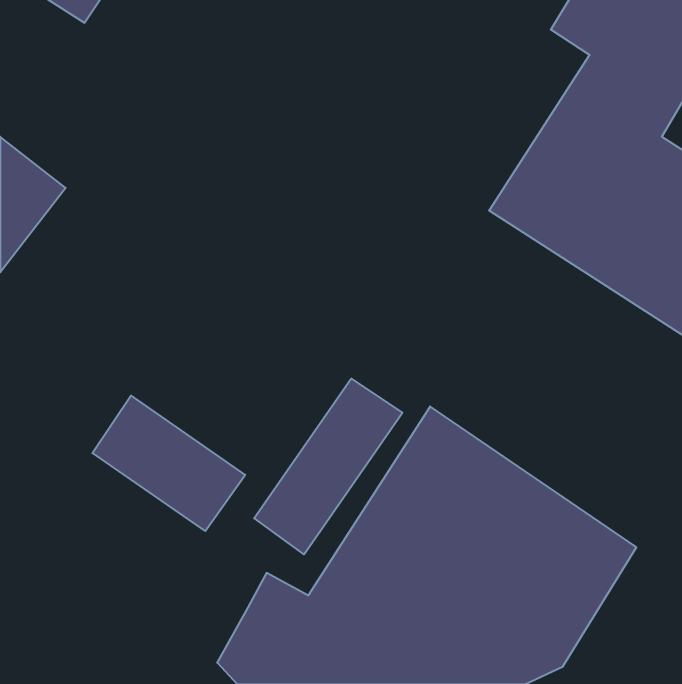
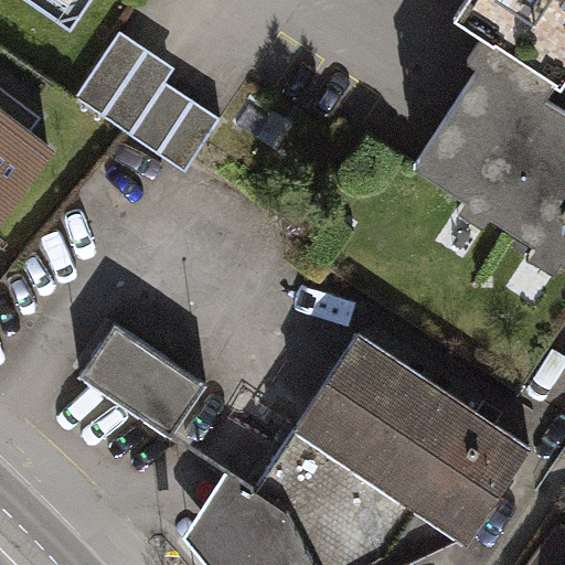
building: none -> [81,34,224,172]
building: [254,379,402,554] -> none

